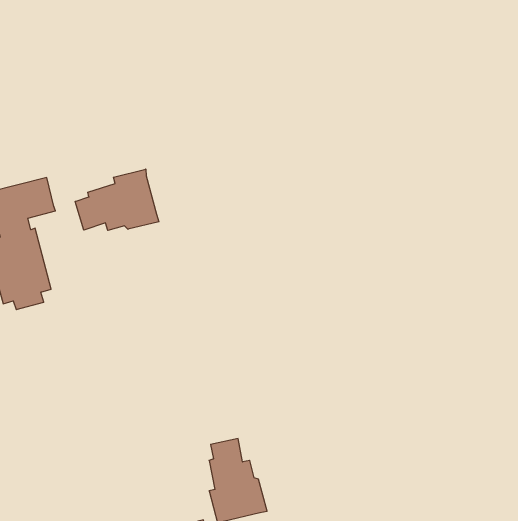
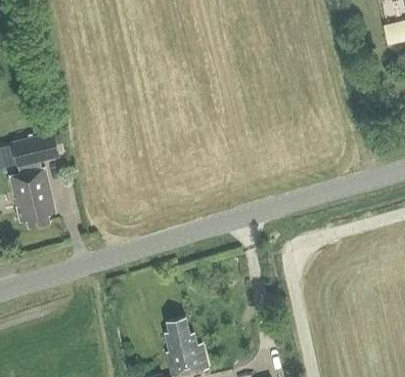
building: [75,169,159,230] -> none

